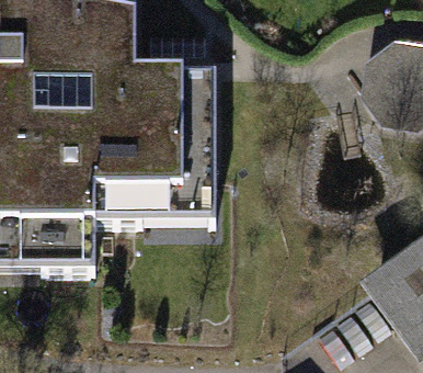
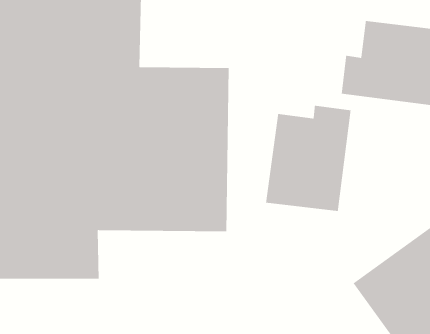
building: none -> [265,105,352,212]

